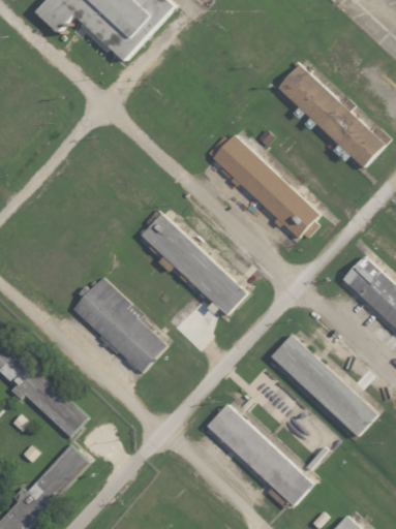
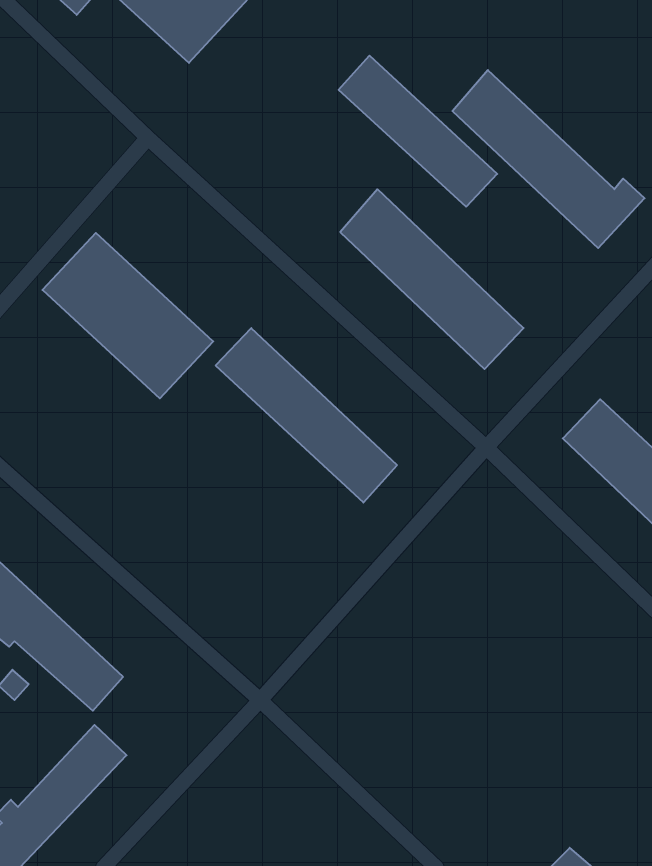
building: none -> [339,56,497,207]
building: [70,277,170,373] -> [42,233,213,398]
building: [270,335,375,436] -> none
building: [206,405,312,505] -> none

